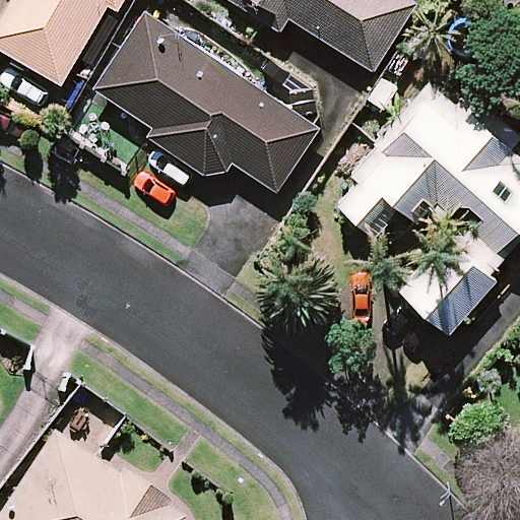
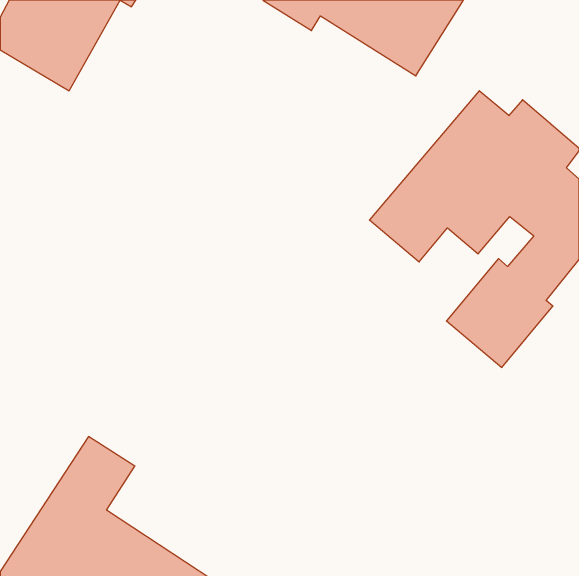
building: [93,11,319,191] -> none

